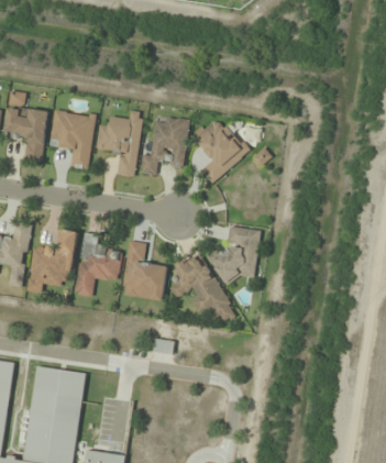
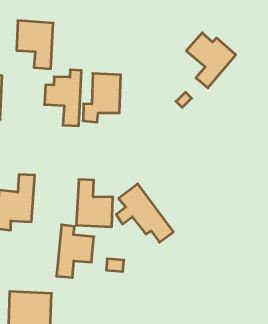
building: [49,109,96,169] -> [17,21,53,69]
building: [191,118,250,184] -> [186,33,236,88]
building: [213,227,260,279] -> none
building: [74,232,122,296] -> [57,225,94,278]

